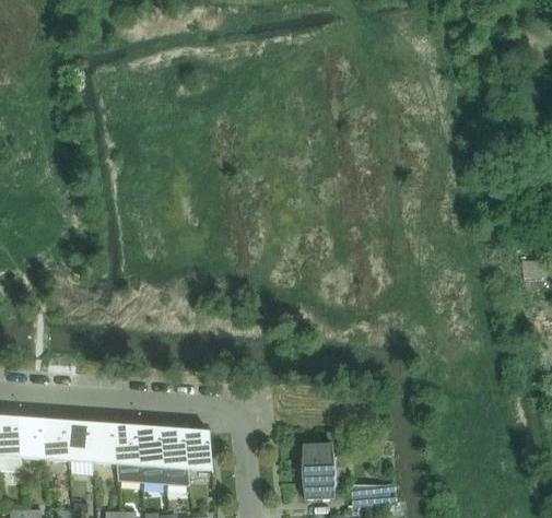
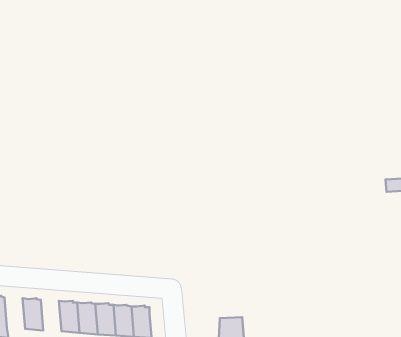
building: [17,416,45,459] -> none
building: [66,420,93,462] -> none

